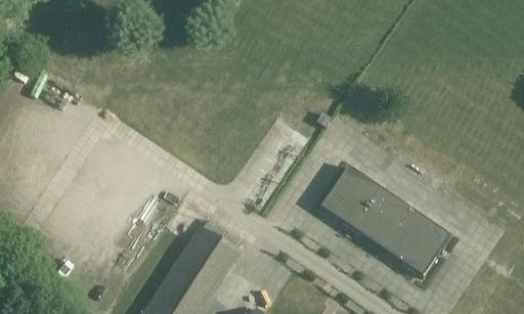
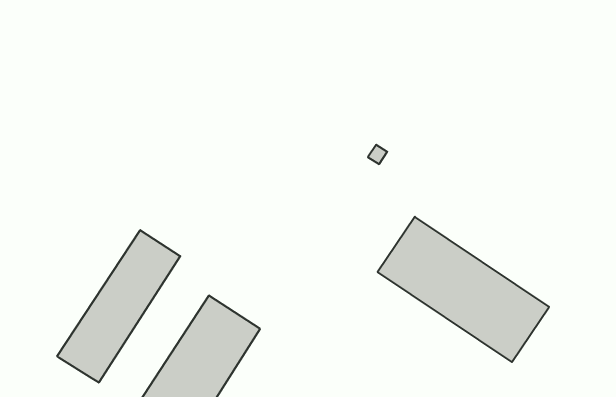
building: none -> [57,230,180,383]

